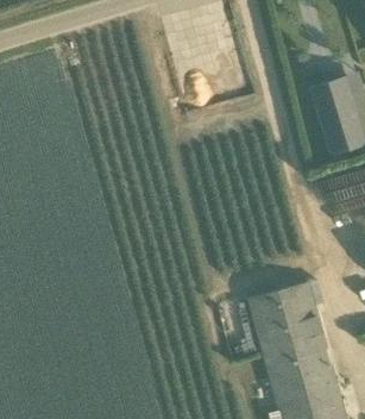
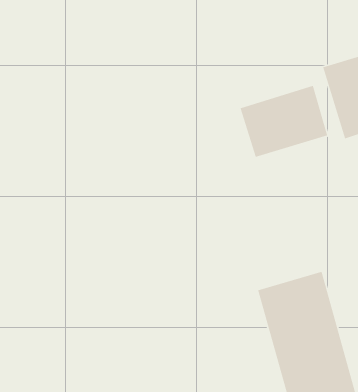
building: none -> [239,85,328,158]

